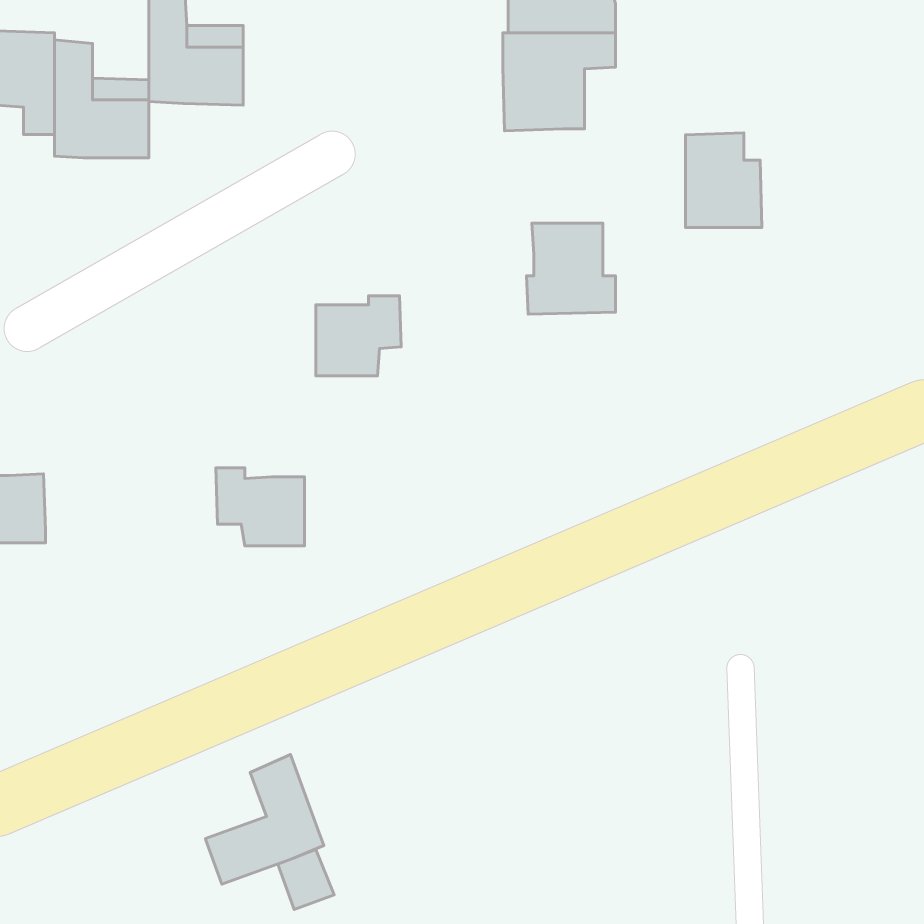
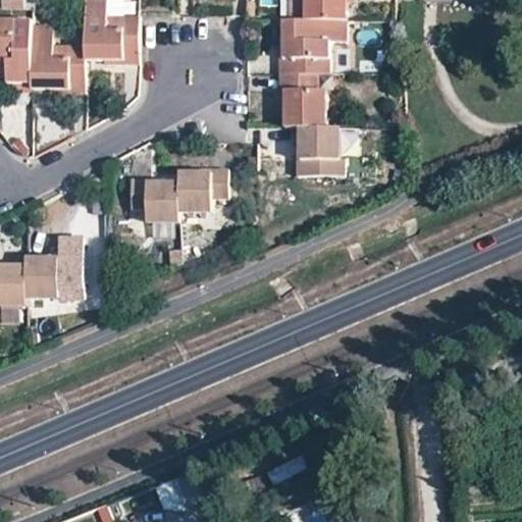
building: [686,133,762,227] -> [283,72,326,125]
building: none -> [24,253,71,298]
building: [216,468,305,546] -> [127,174,177,218]
building: [205,754,324,884] -> none

